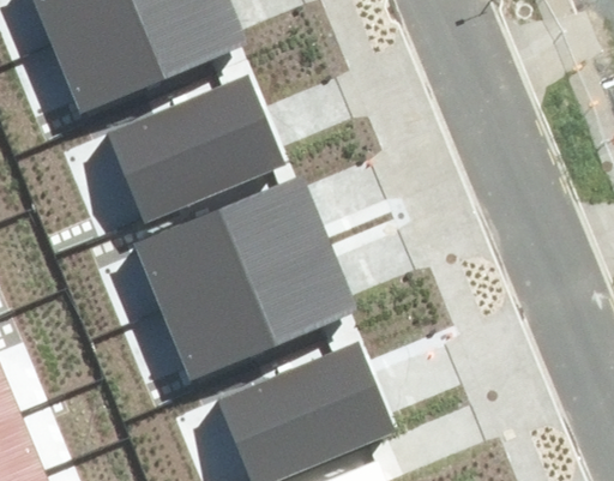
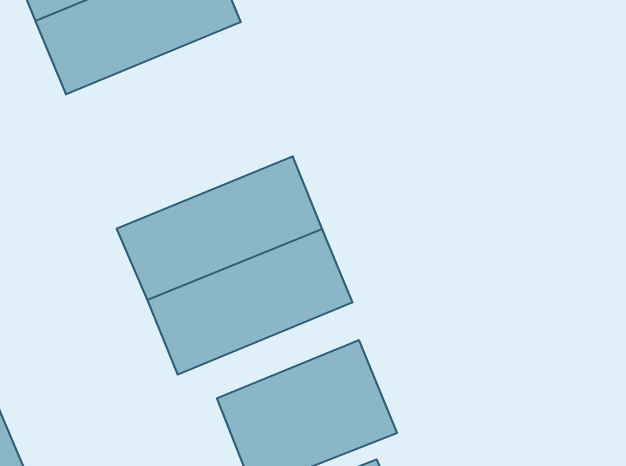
building: [109,78,279,220] -> none

